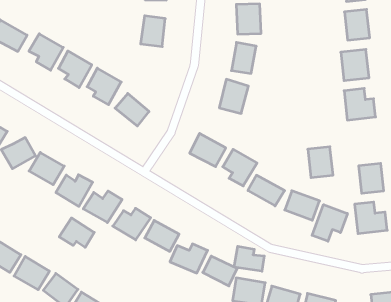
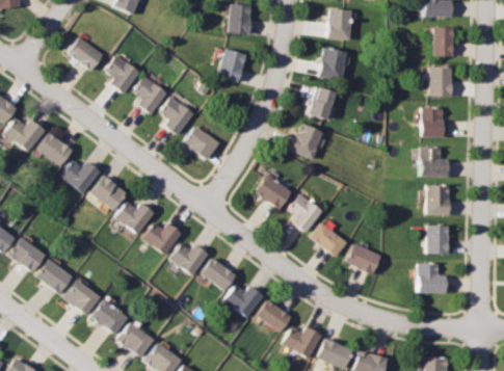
building: [308,147,333,178] -> [426,185,449,214]
building: [312,205,347,241] -> none
building: [59,218,94,247] -> none
building: [234,246,264,271] -> none

